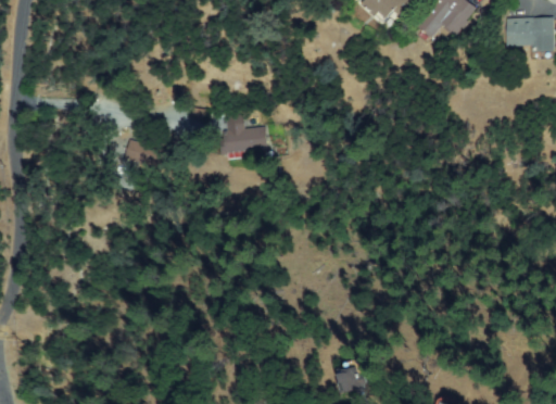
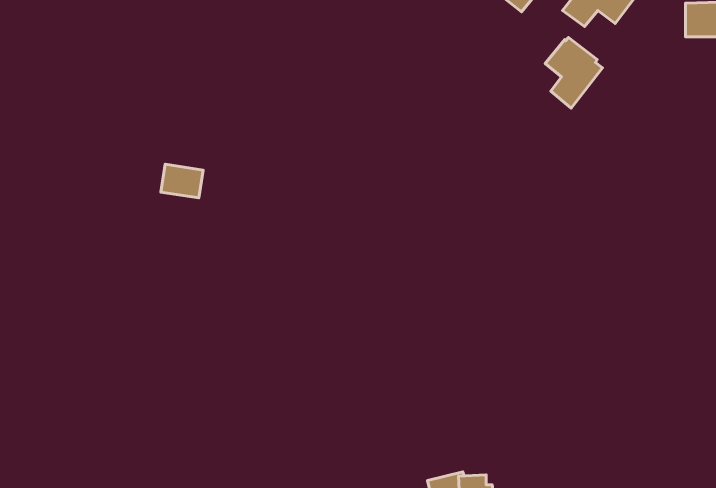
building: none -> [545,37,603,108]
building: [215,121,268,154] -> none

